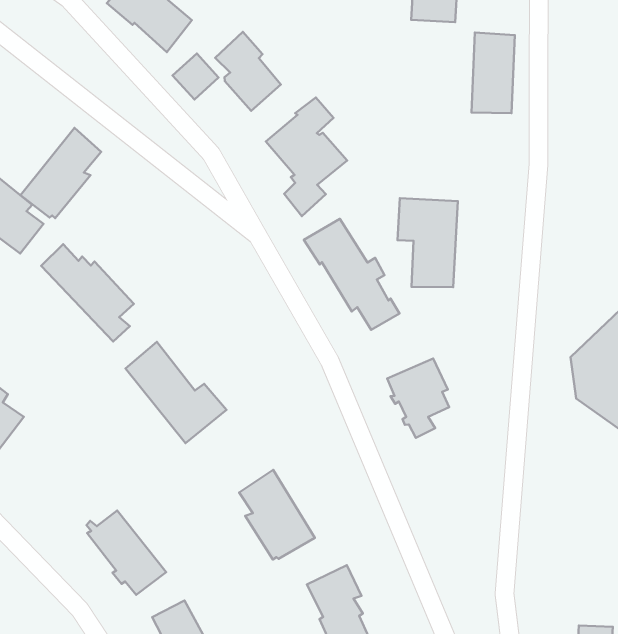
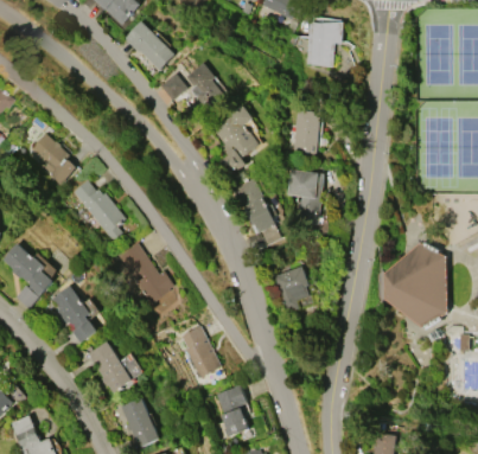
building: [471,33,515,113] -> [292,109,321,159]
building: [20,128,101,218] -> none
building: none -> [52,286,97,343]

